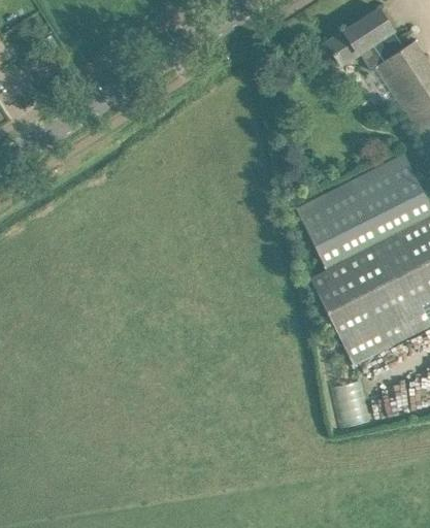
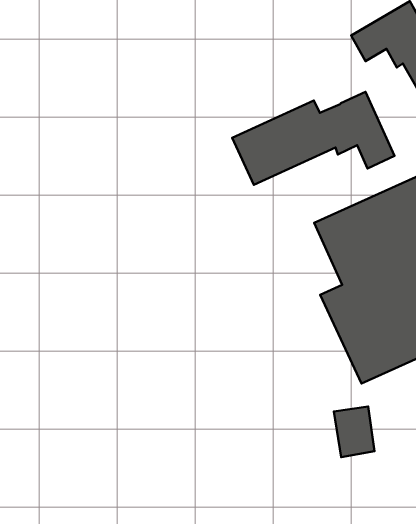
building: none -> [232,92,394,185]

